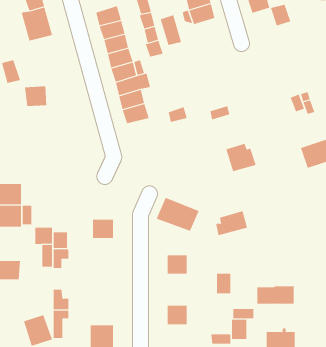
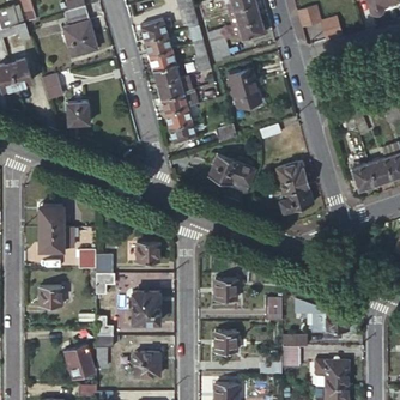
building: none -> [229,68,260,107]
building: [156,197,200,232] -> [208,153,254,189]
building: [216,211,248,236] -> [279,184,313,211]
building: none -> [133,291,159,321]

